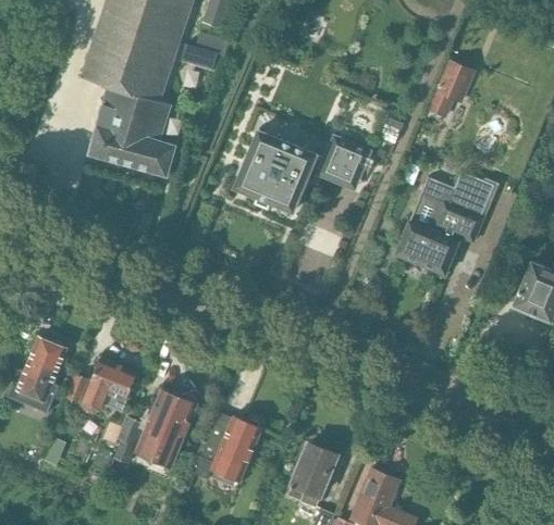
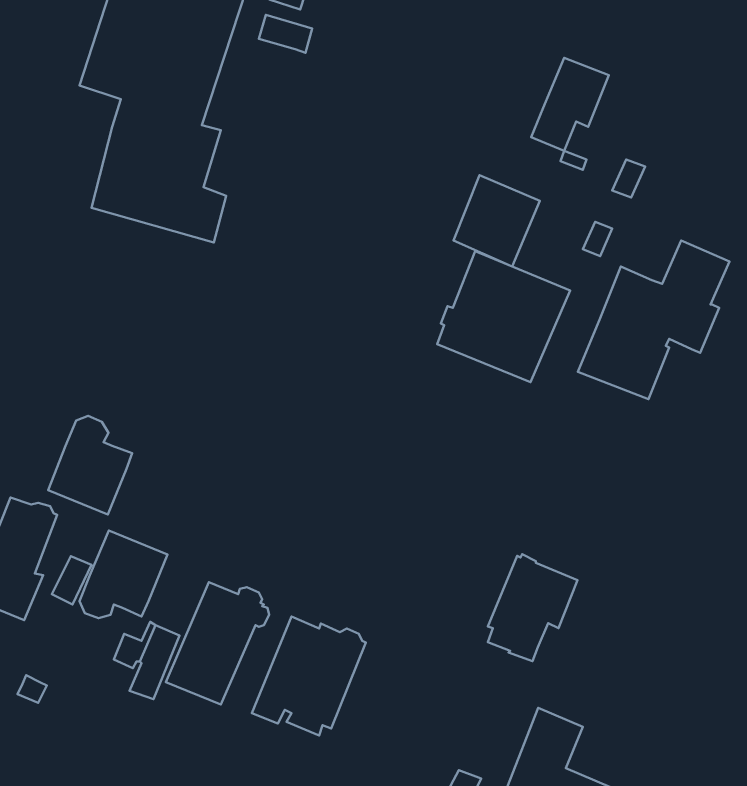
building: [426,59,475,117] -> [531,58,609,151]
building: [234,128,318,211] -> [437,251,570,382]
building: none -> [48,416,132,514]
building: [287,439,344,507] -> [488,554,577,661]

